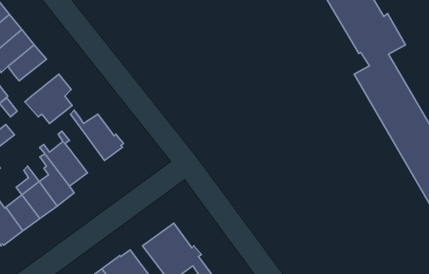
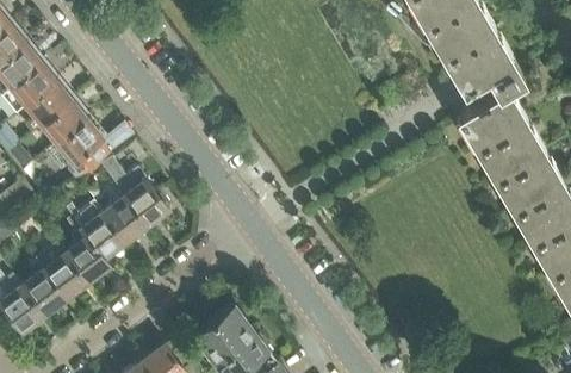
building: none -> [39,99,89,145]
building: none -> [103,195,147,242]

